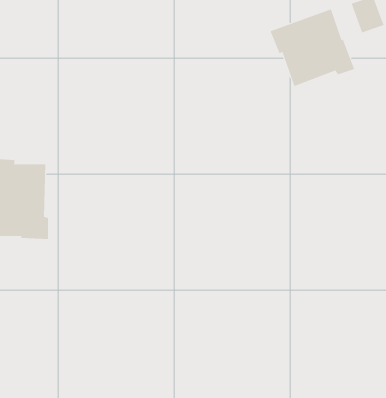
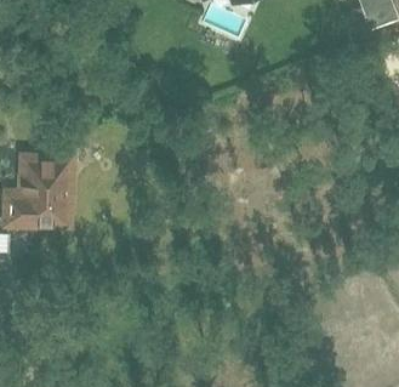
building: [270,8,355,87] -> none

